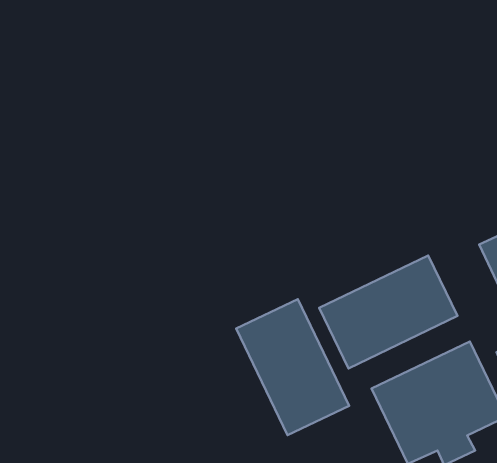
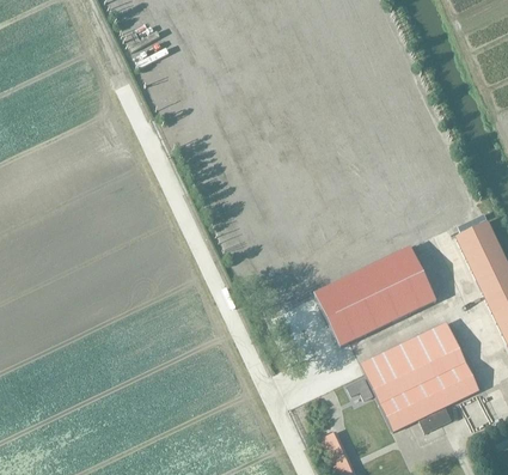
building: [236,299,349,435] -> none

